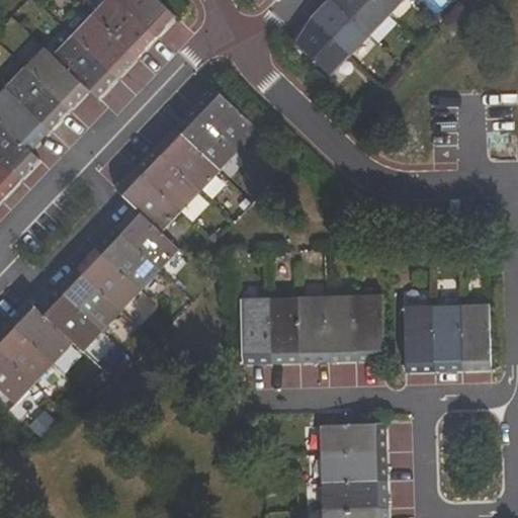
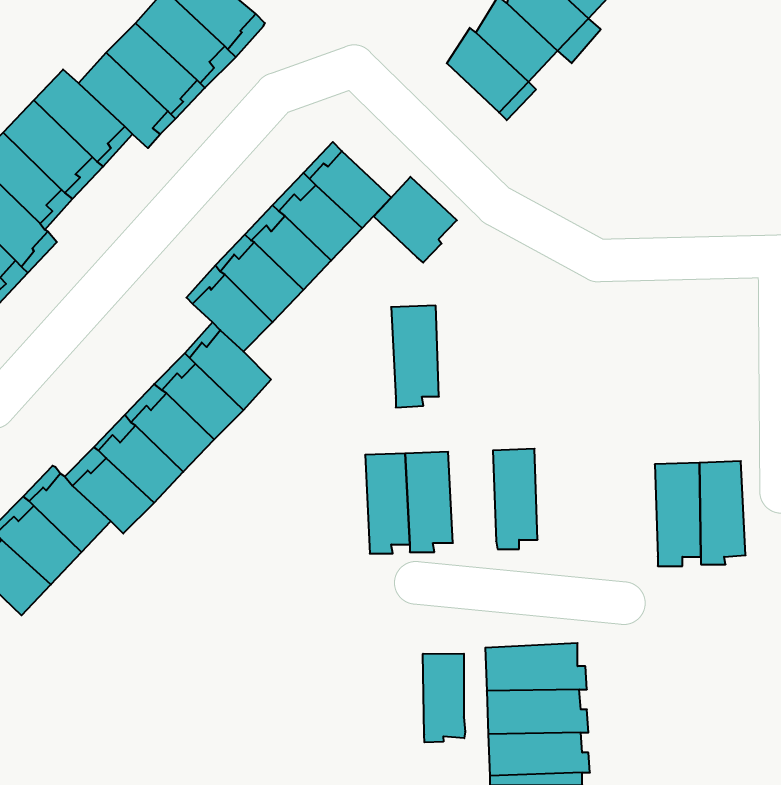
building: none -> [374,177,457,263]
building: [351,293,382,359] -> none
building: [294,295,326,362] -> [391,306,439,407]
building: [402,305,432,372] -> none
building: none -> [423,654,465,742]

